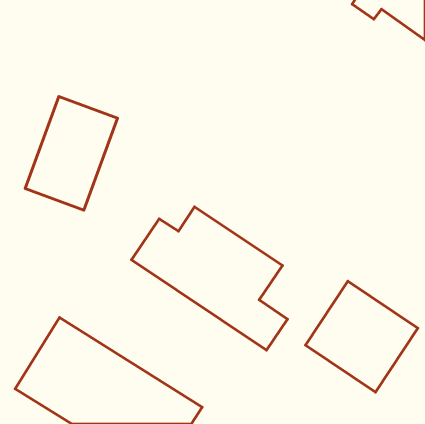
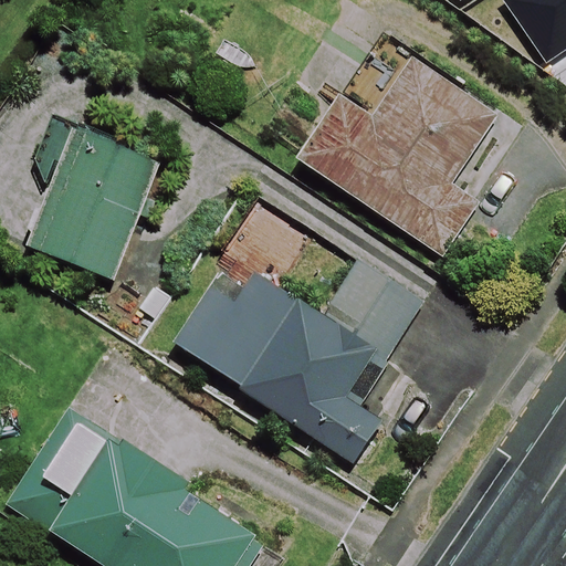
building: none -> [300,60,512,254]
building: [306,281,418,392] -> none

